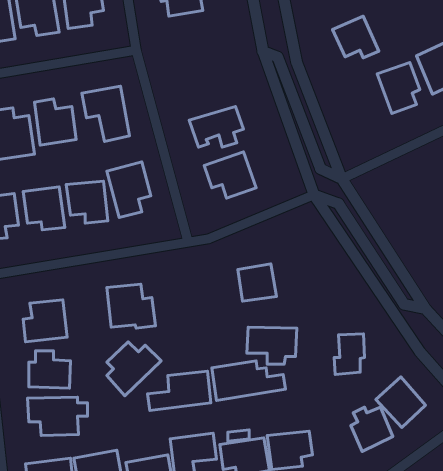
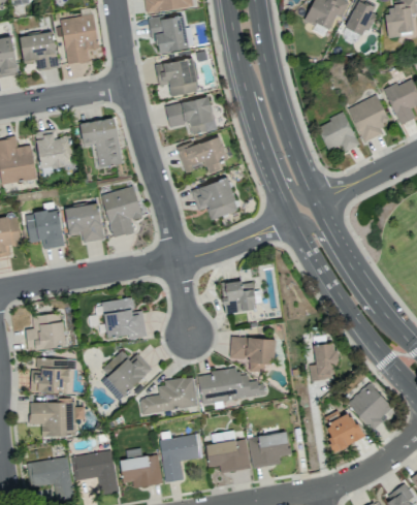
building: [333,16,379,58] -> [317,114,359,152]
building: none -> [156,60,198,96]
building: none -> [166,97,216,135]

